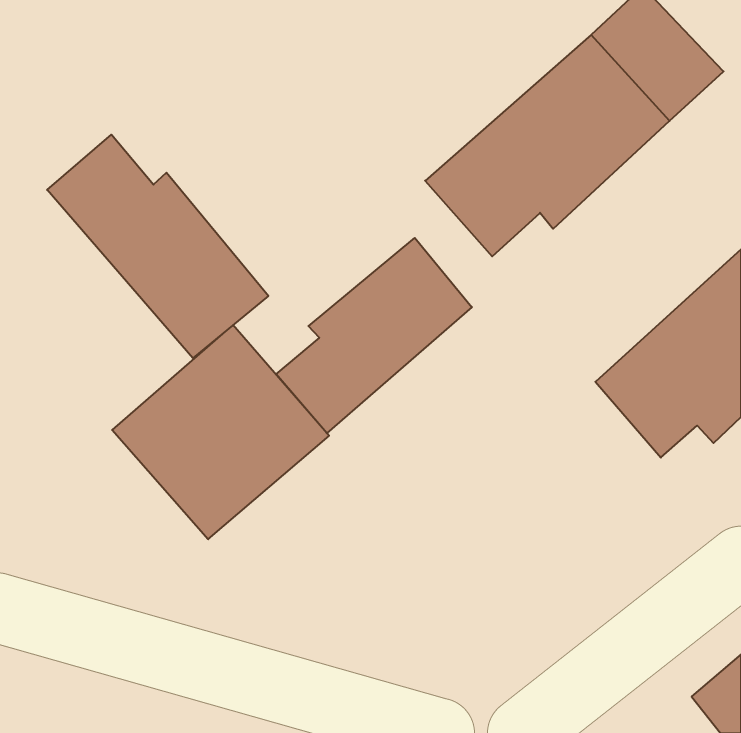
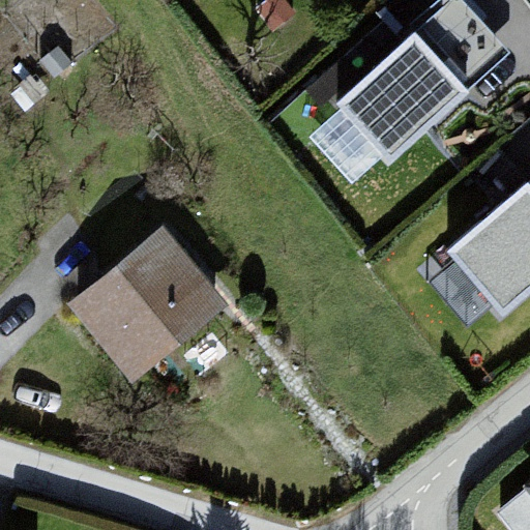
building: [47,135,268,358] -> none
building: [276,238,472,433] -> none

